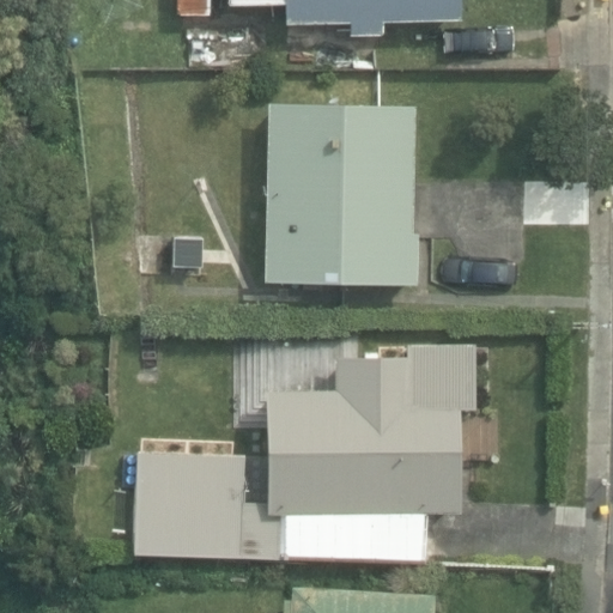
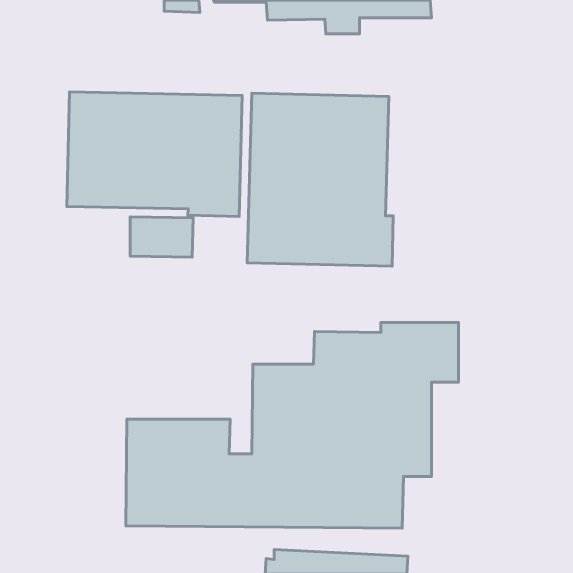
building: none -> [67,92,242,217]

